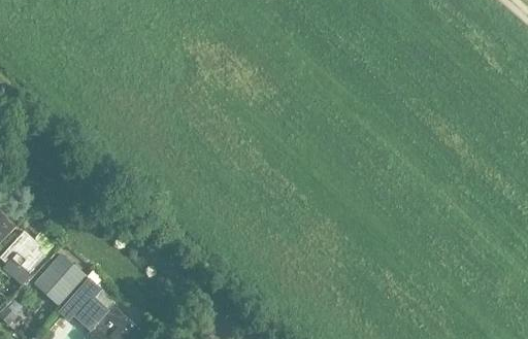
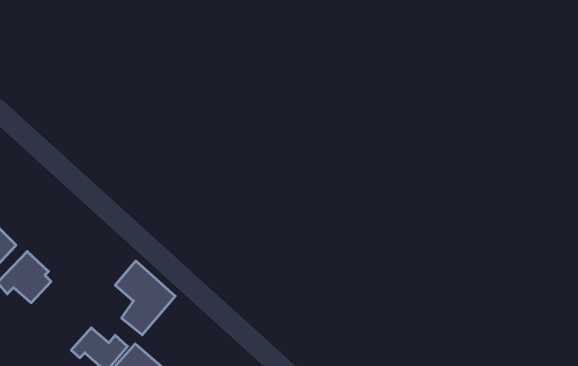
building: none -> [115,261,175,335]
building: [29,260,75,306] -> none

